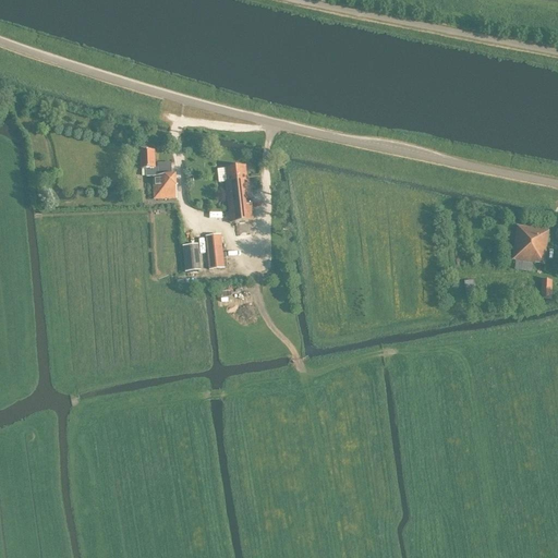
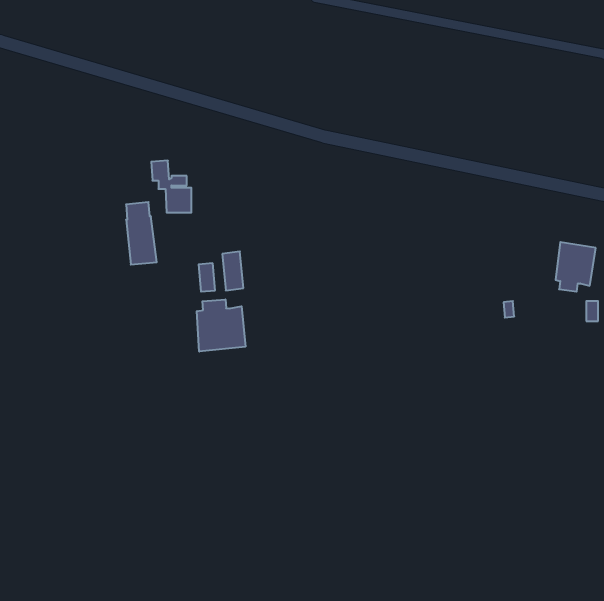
building: [226,163,254,221] -> [126,202,157,265]
building: none -> [197,299,245,352]

